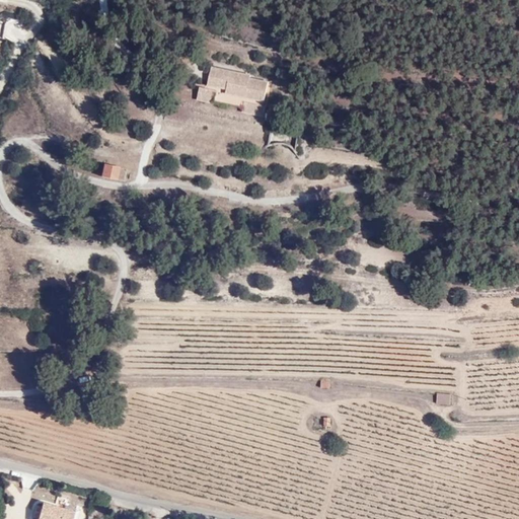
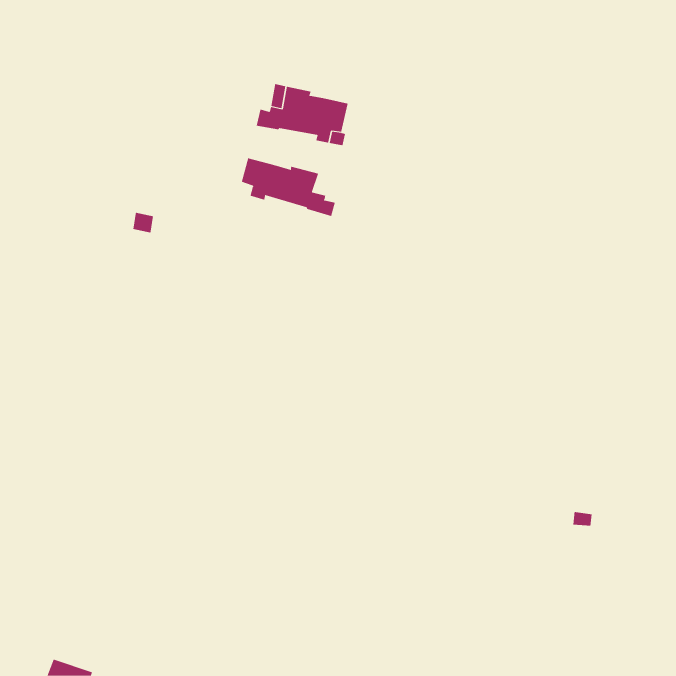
building: none -> [241,158,335,217]

